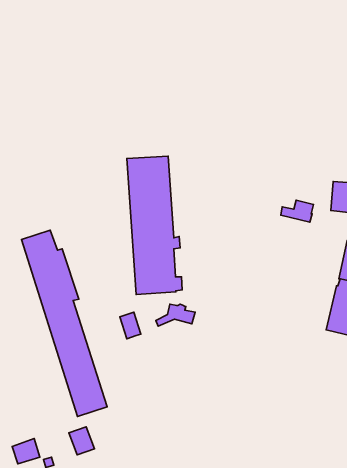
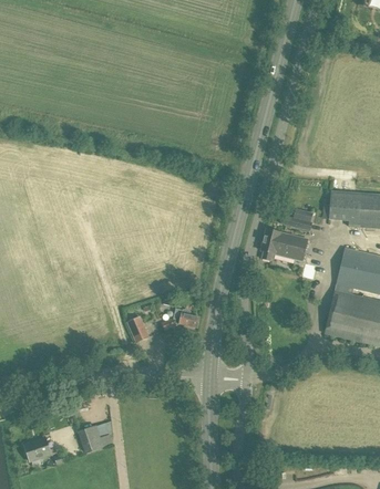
building: [127,156,182,294] -> none
building: none -> [261,229,308,261]
building: [22,230,107,416] -> none

